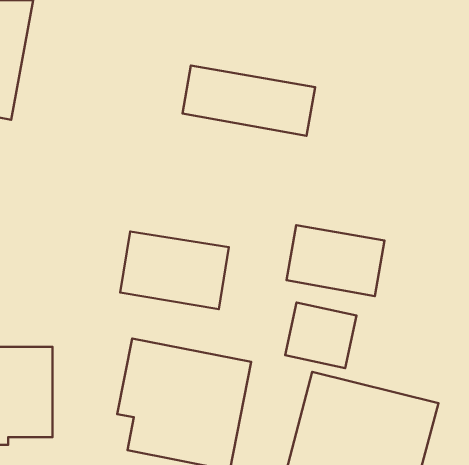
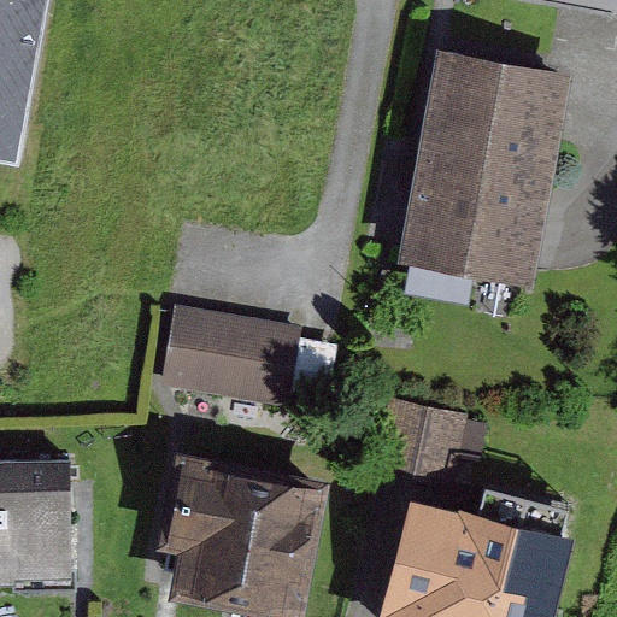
building: none -> [398,49,569,286]
building: [182,66,315,136] -> none
building: [286,225,385,296] -> none

